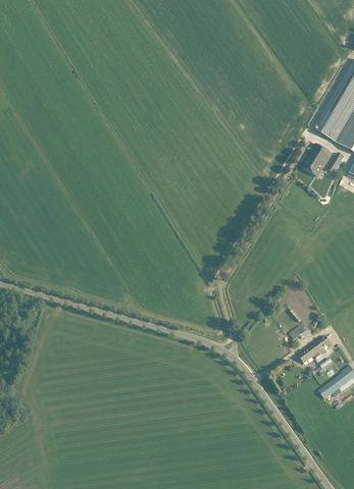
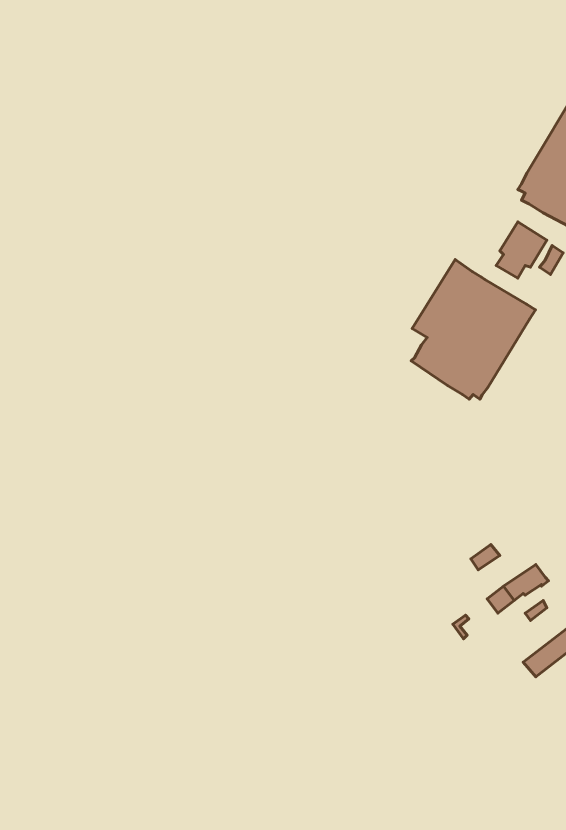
building: none -> [411,260,536,399]

